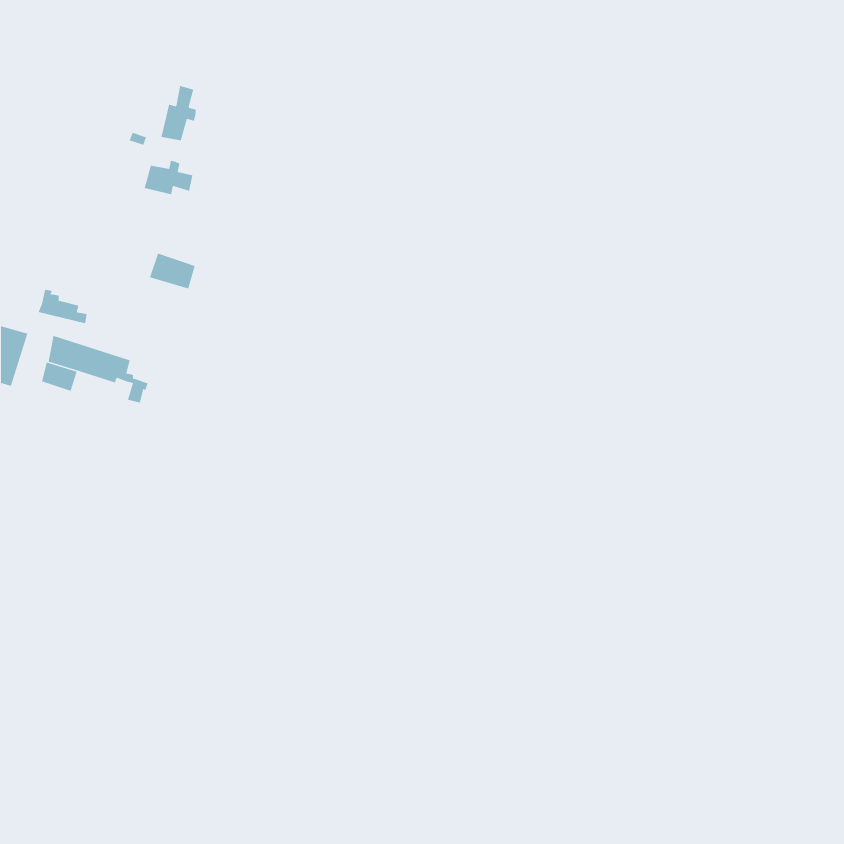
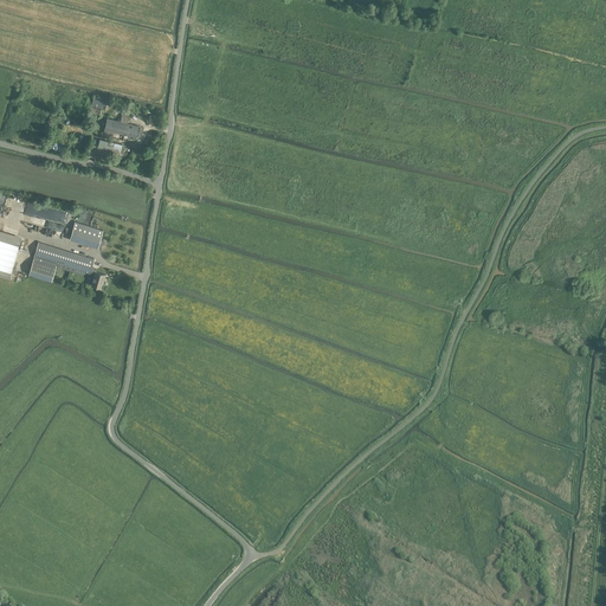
building: [161,85,196,141] -> none
building: [149,253,195,289] -> [70,221,103,247]

